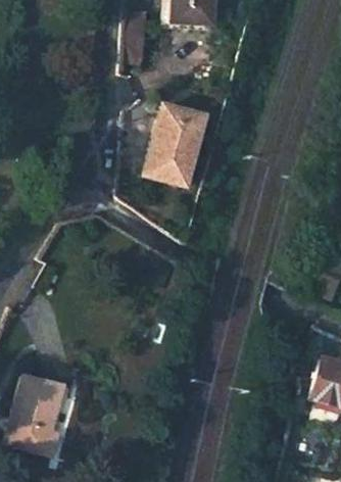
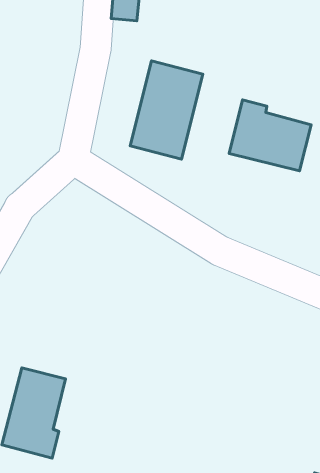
building: none -> [229,100,311,171]

